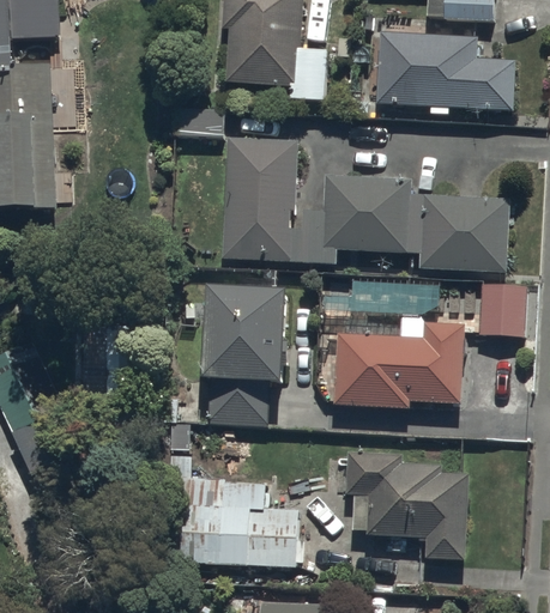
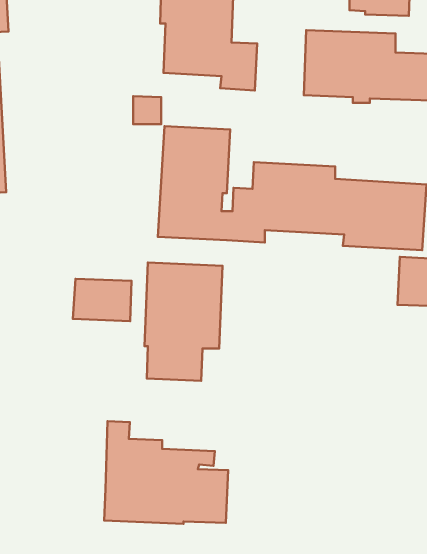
building: none -> [73,279,132,321]
building: [333,322,467,409] -> none
building: [346,453,470,562] -> none

